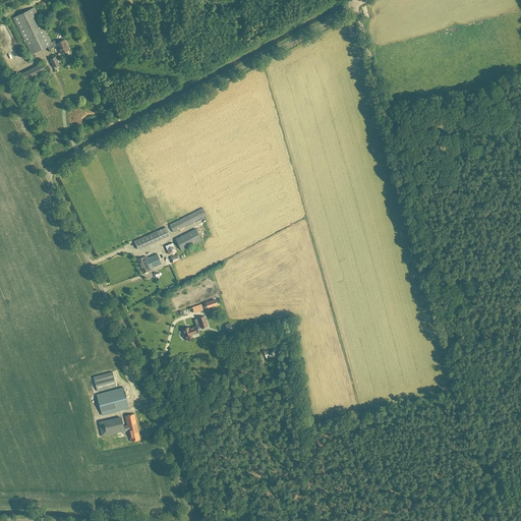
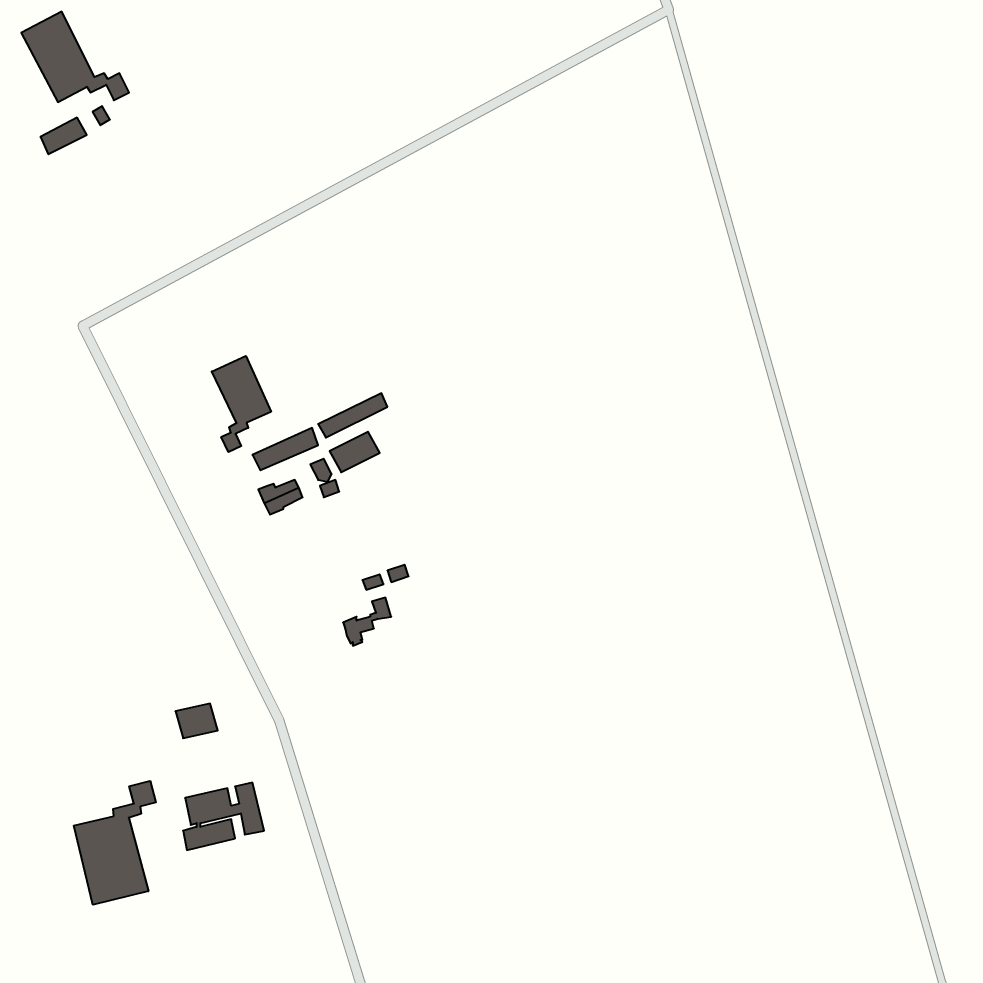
building: none -> [212,356,271,452]
building: [96,387,127,414] -> none
building: none -> [74,781,156,905]

